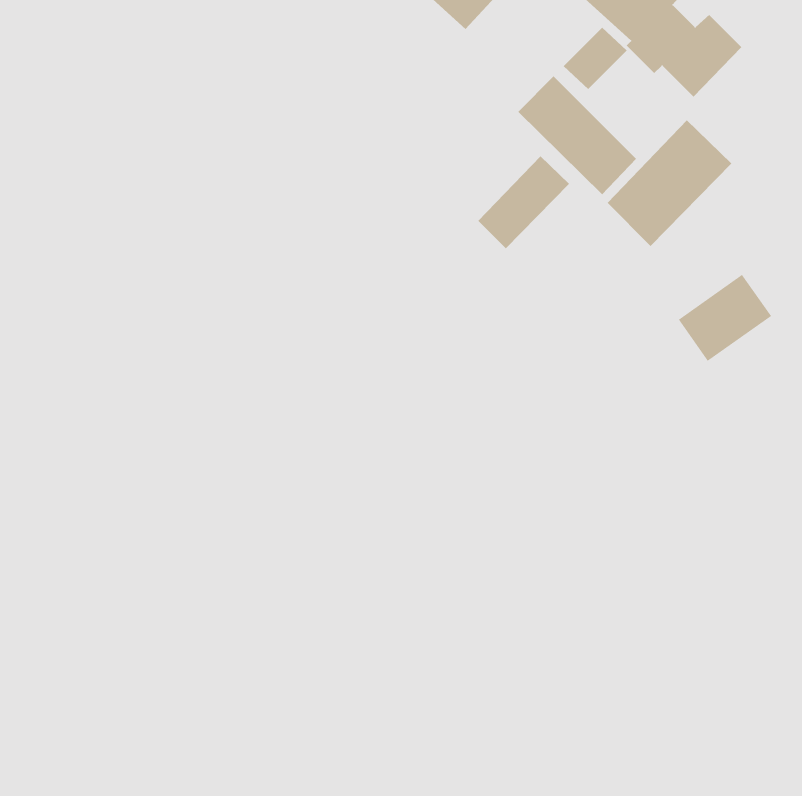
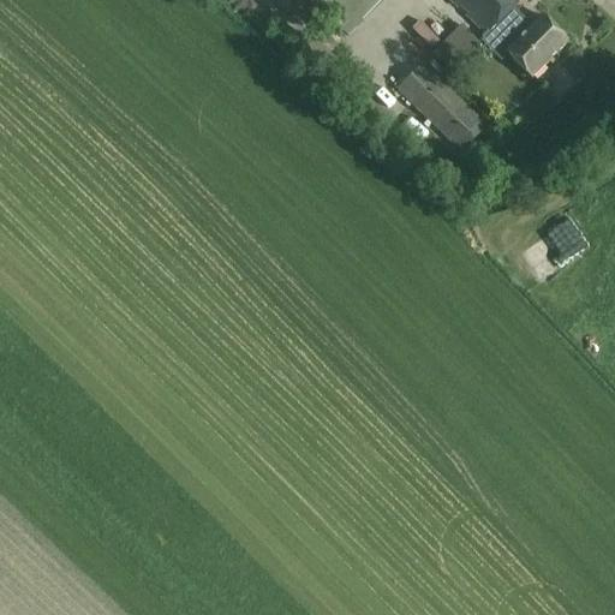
building: [607,119,732,247] -> none
building: [478,155,570,249] -> none

